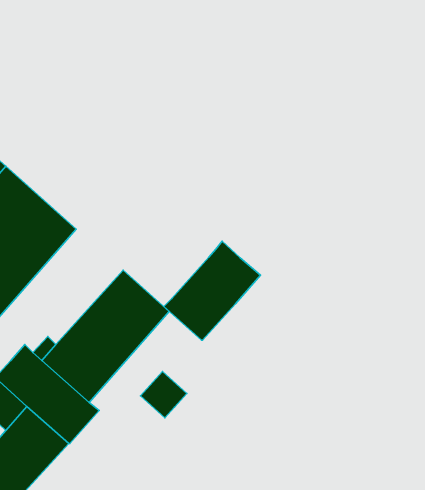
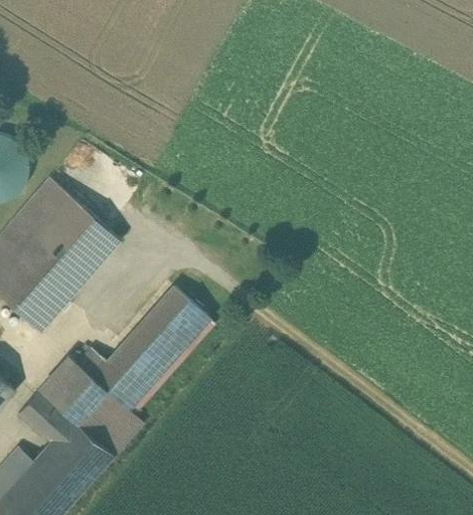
building: [164,241,261,340] -> none
building: [141,371,187,418] -> none

